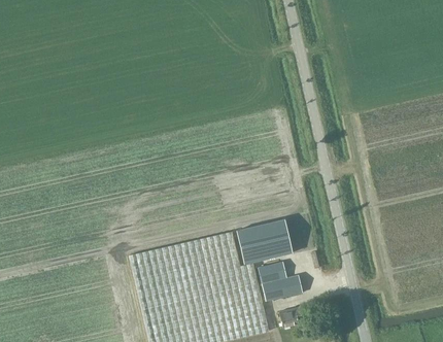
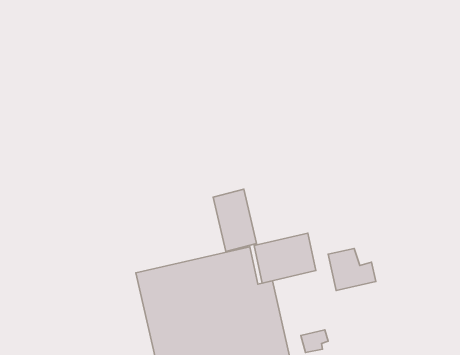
building: none -> [213,189,257,252]
building: [259,262,302,300] -> [328,248,376,291]

